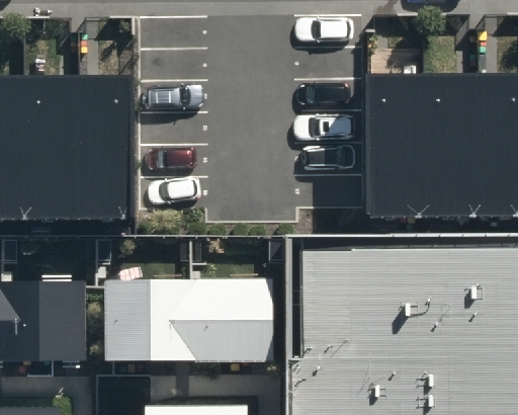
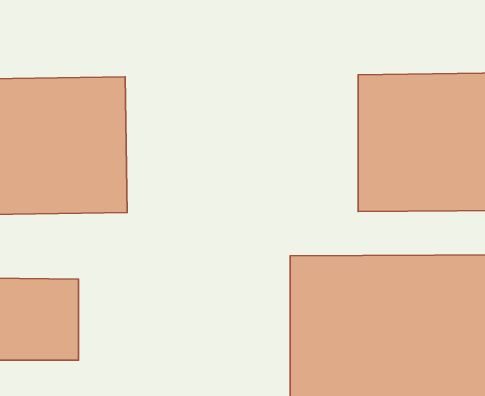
building: [104,279,272,363] -> none

